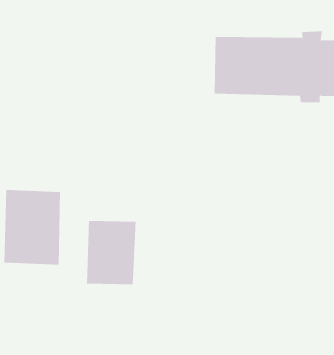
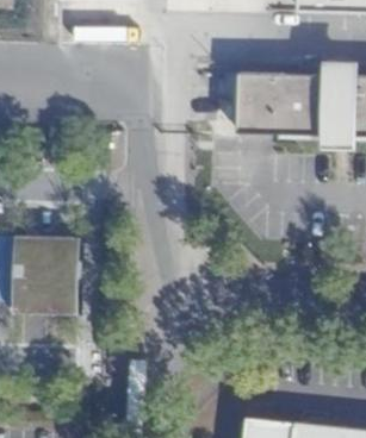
building: [86,220,136,285] -> none

